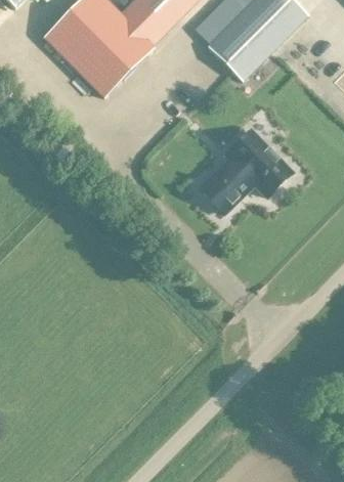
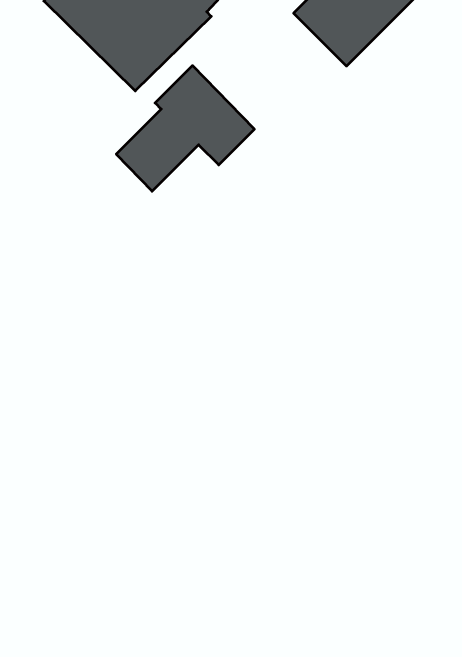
building: [200,129,291,212] -> [116,66,254,191]

